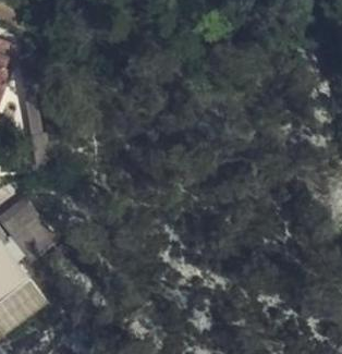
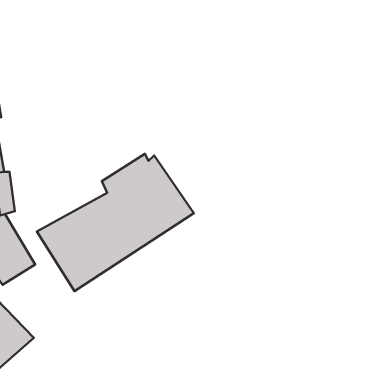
building: none -> [37,154,194,291]

